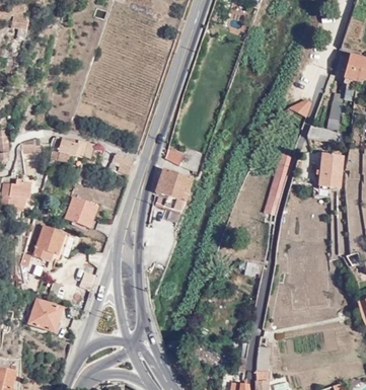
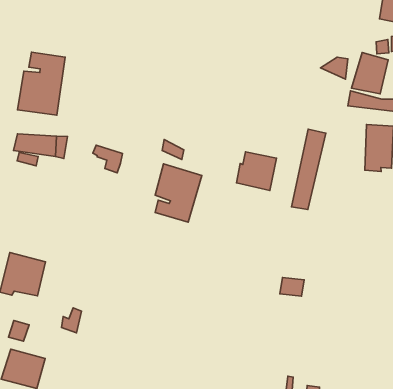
building: none -> [17,52,65,115]
building: none -> [236,152,276,191]
building: [62,193,97,228] -> none

